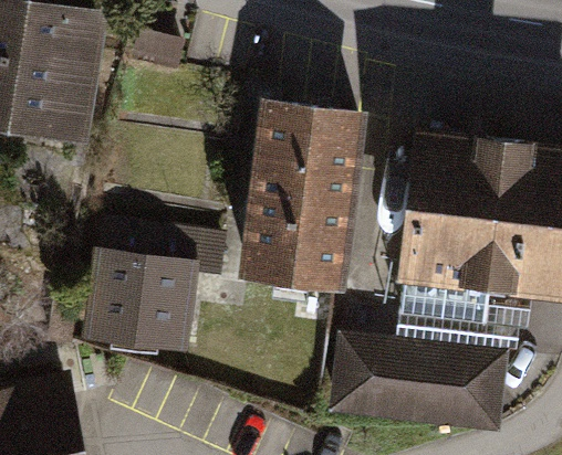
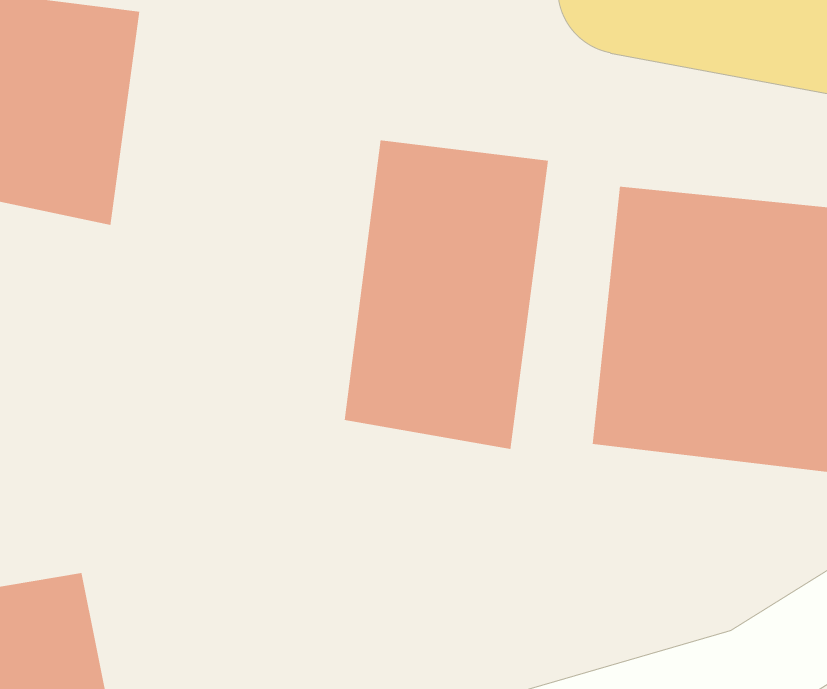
building: [84,247,196,350] -> none
building: [326,331,506,430] -> none

